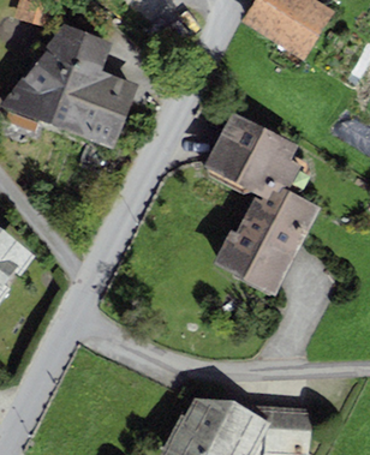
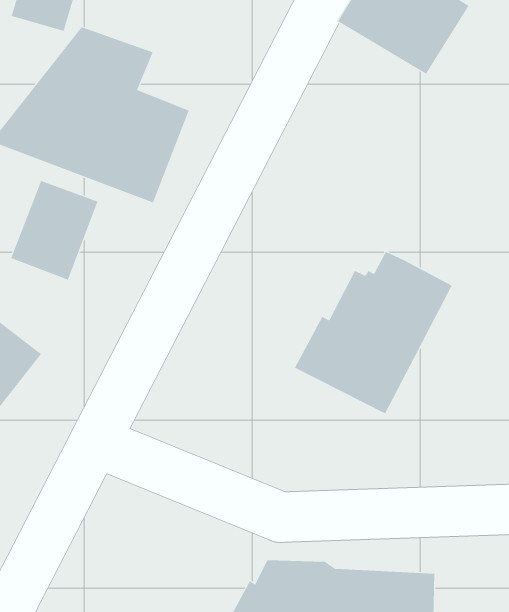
building: [202,110,299,198] -> none
building: none -> [10,180,98,280]

